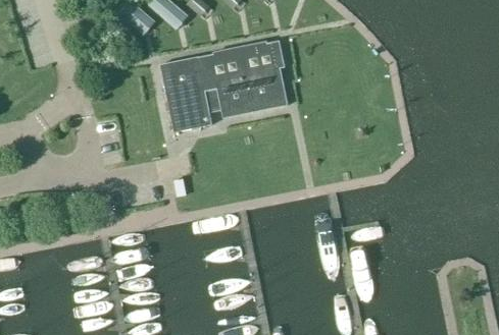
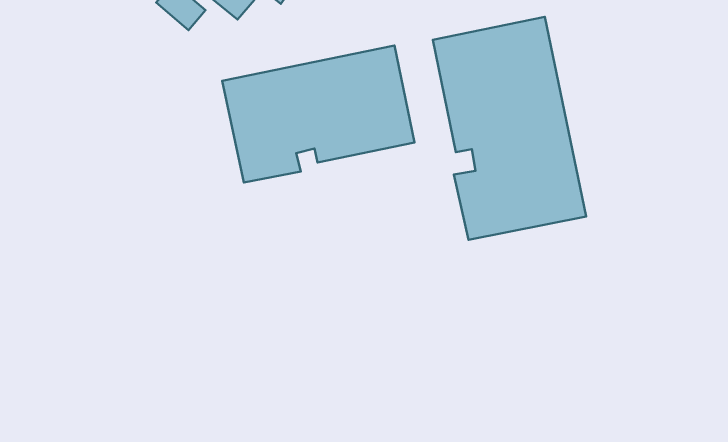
building: none -> [433,17,586,240]

